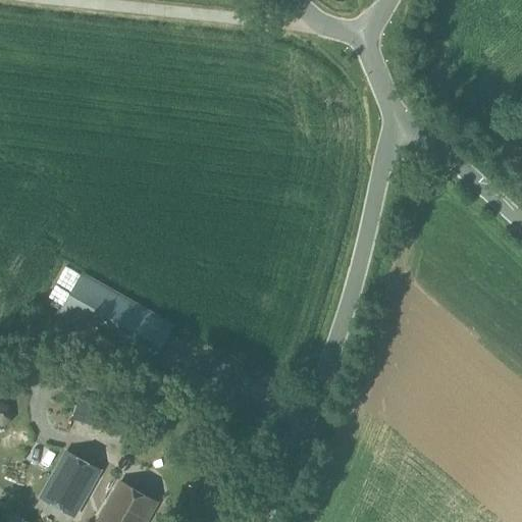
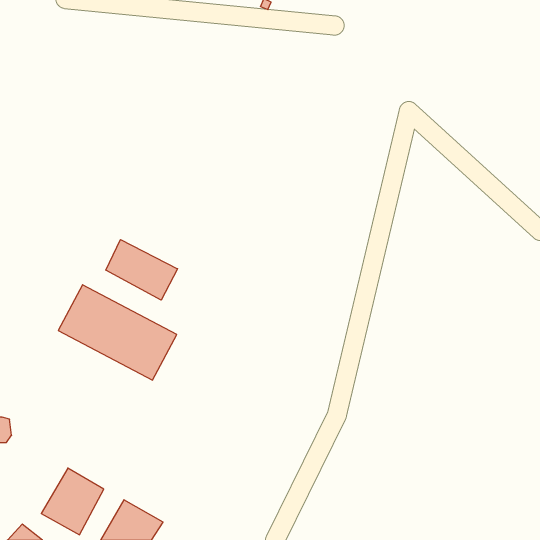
building: none -> [106,240,178,300]

